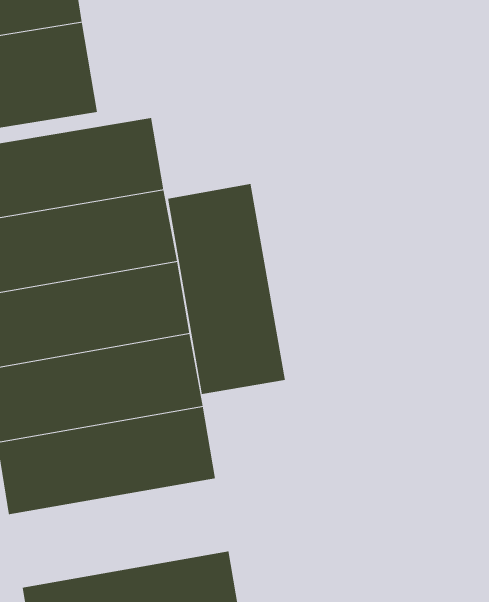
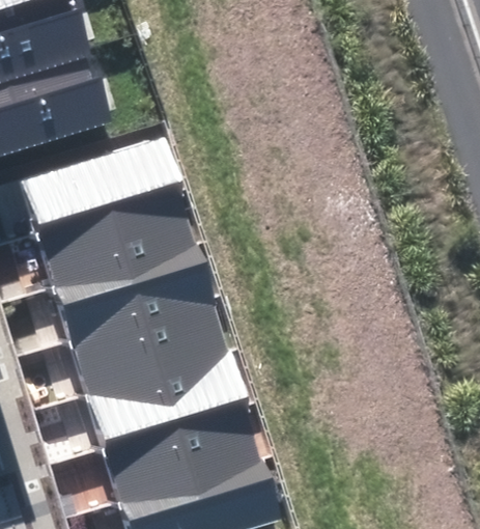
building: [167,183,286,395] -> none
building: none -> [88,411,263,514]

